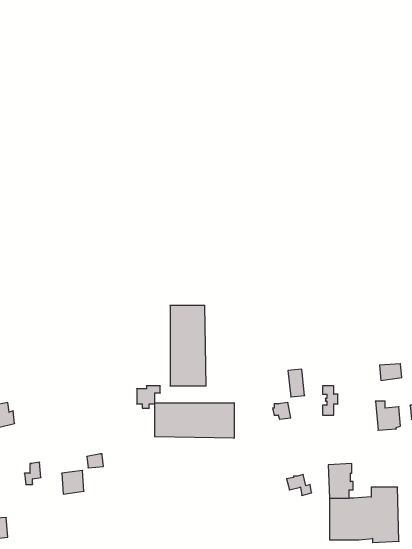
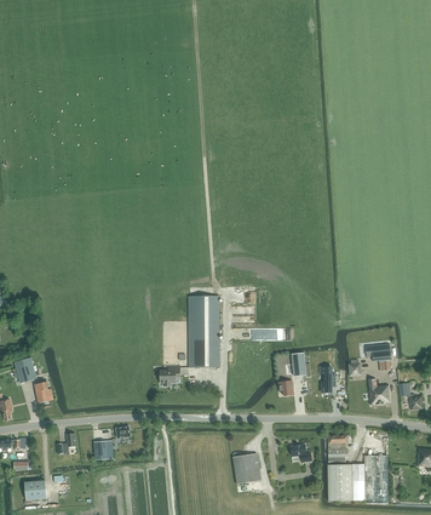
building: [155,403,234,438] -> none
building: none -> [232,452,260,483]

